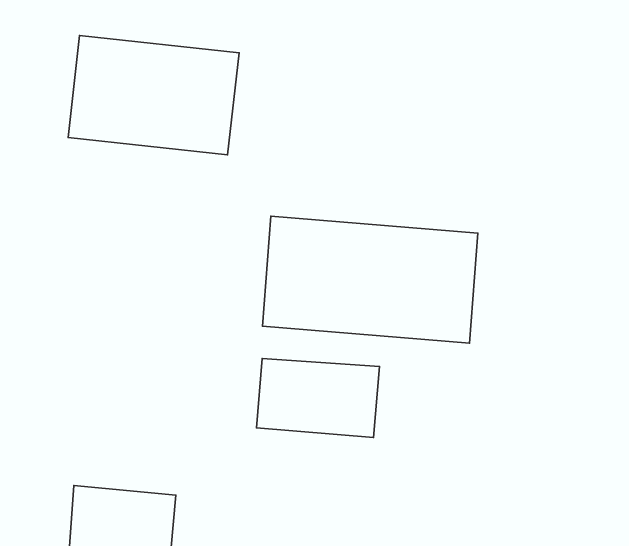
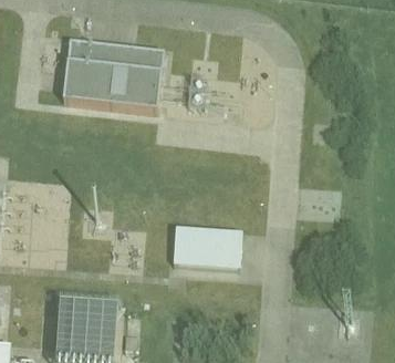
building: [262,216,478,343] -> none

